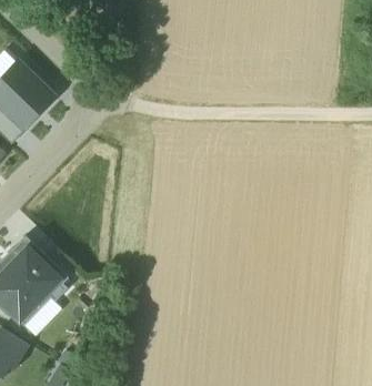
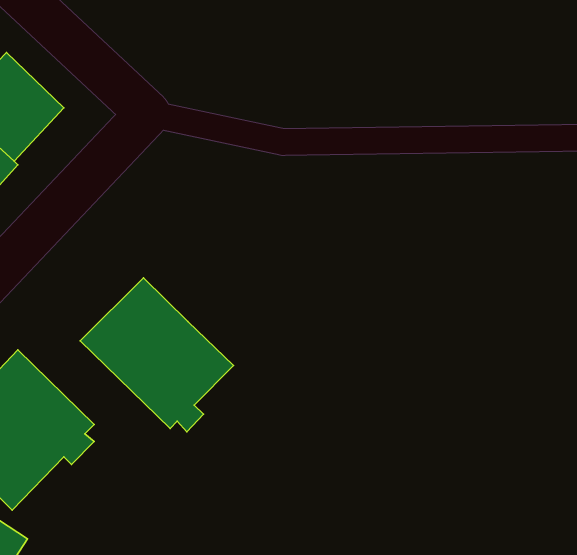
building: none -> [80,278,234,432]

